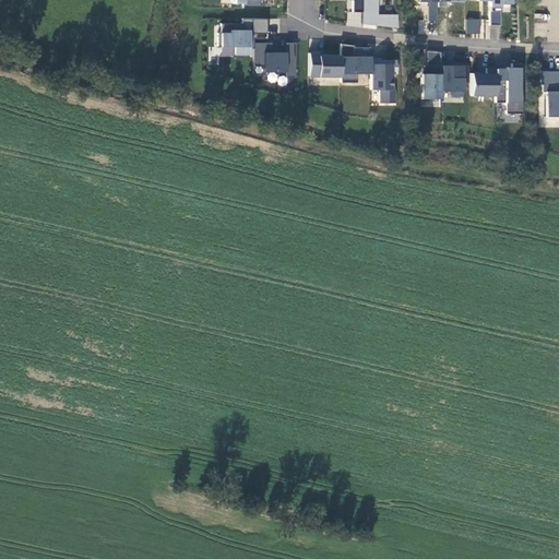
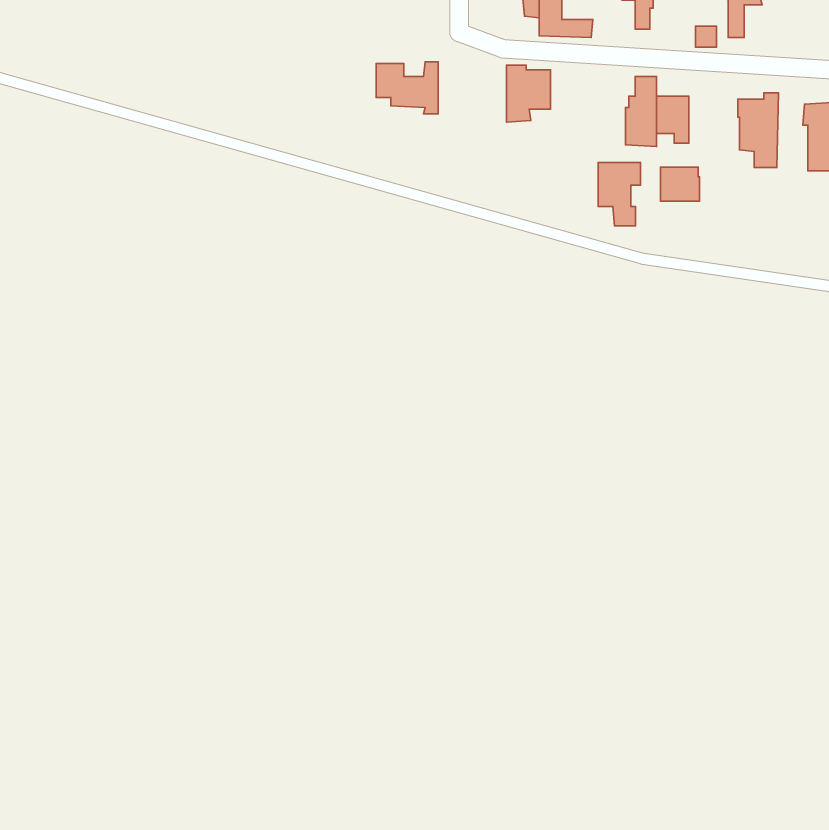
building: [222,17,267,56] -> none
building: [310,50,342,76] -> none
building: [371,59,400,102] -> [598,162,640,226]
building: [472,72,498,95] -> [661,167,700,201]

